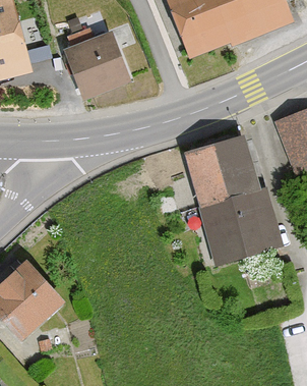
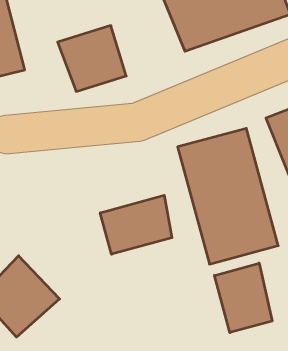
building: none -> [100,195,172,254]
building: none -> [214,263,272,333]

